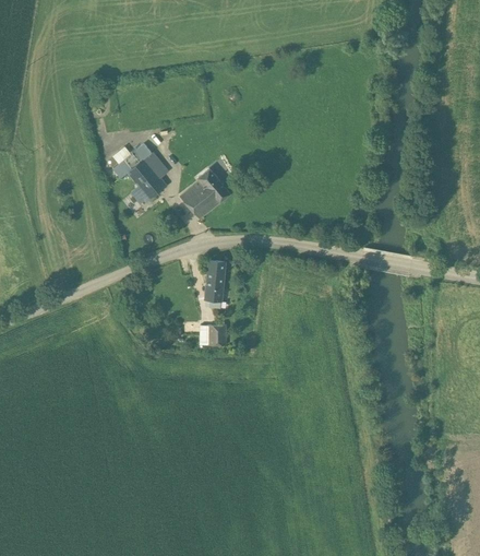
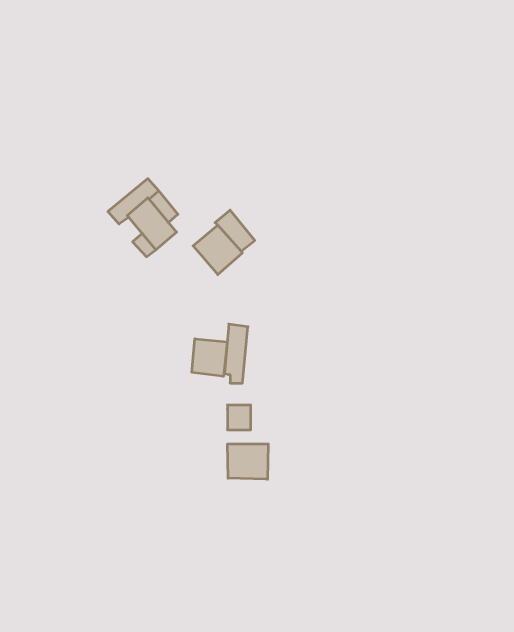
building: none -> [192,339,227,376]
building: none -> [228,444,268,479]

